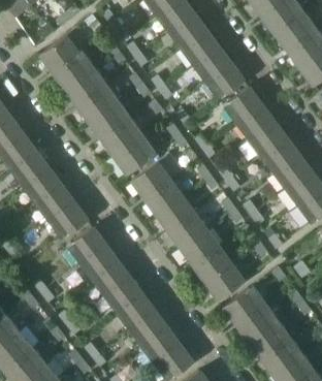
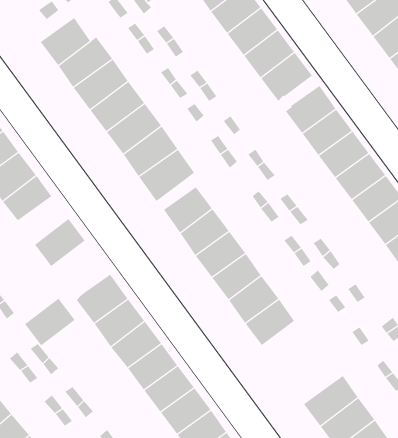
building: [24,169,62,205] -> none
building: [49,202,87,239] -> [24,298,75,346]
building: [205,262,244,298] -> none
building: [224,286,266,324] -> none

